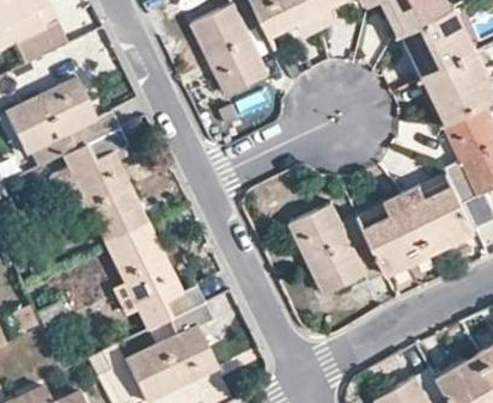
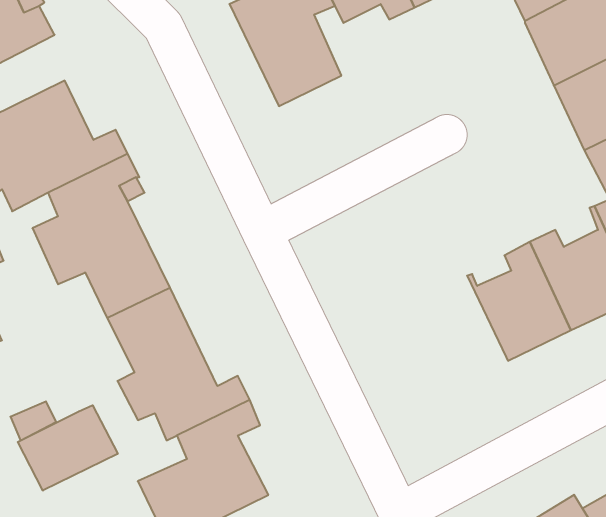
building: [288,201,385,294] -> none
building: none -> [18,405,118,491]

